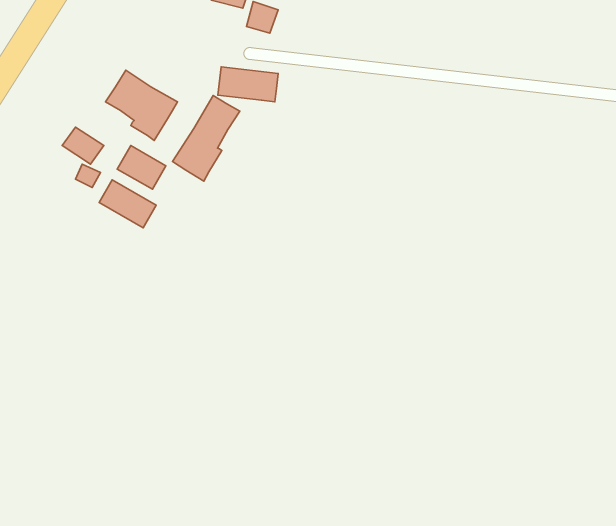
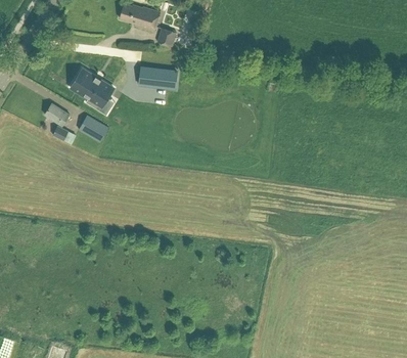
building: [172,95,240,181] -> none
building: [99,180,156,228] -> none

